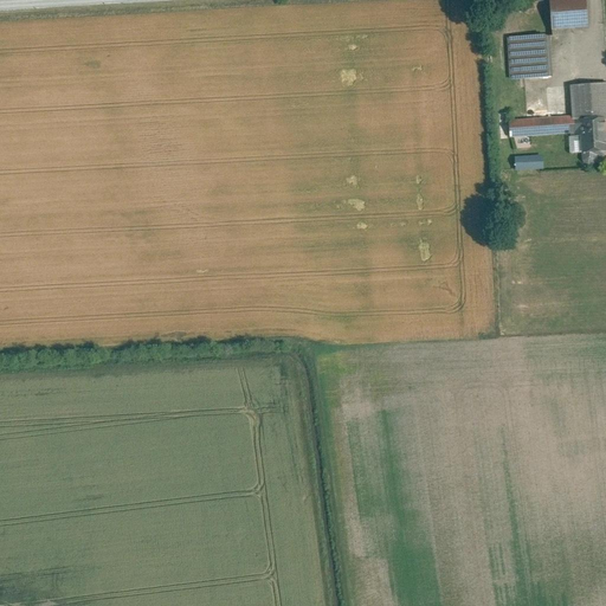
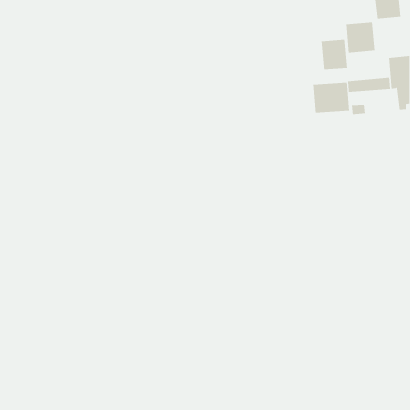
building: none -> [321,39,347,70]
building: none -> [313,82,349,113]

